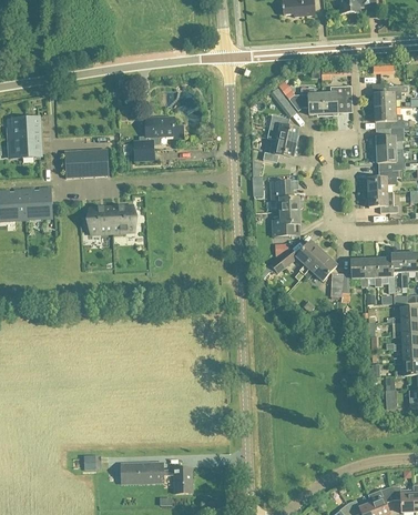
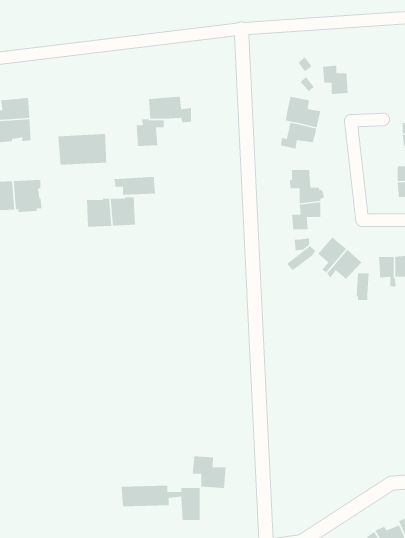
building: [323,85,351,115] -> none
building: none -> [114,176,156,195]
building: none -> [192,455,227,489]

